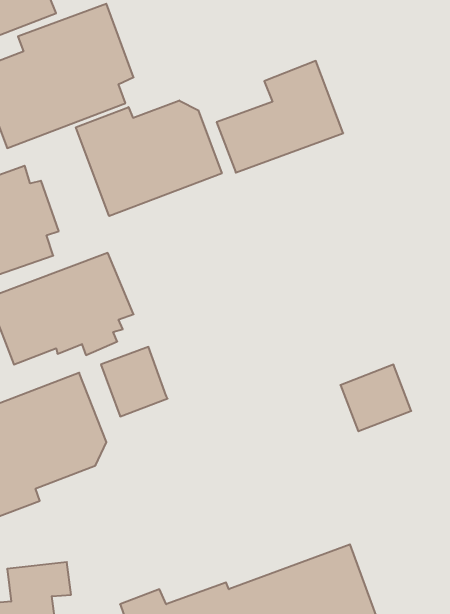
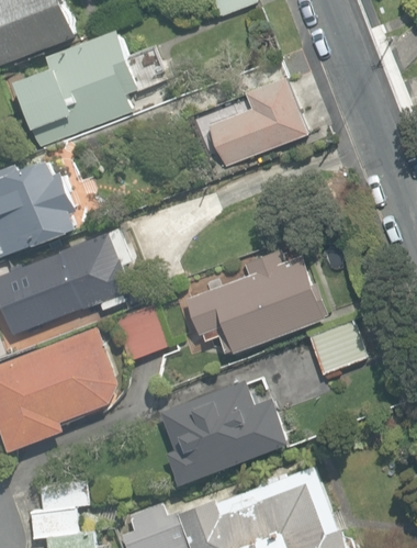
building: [76,100,222,216] -> none
building: none -> [184,251,328,354]
building: none -> [159,380,288,485]

